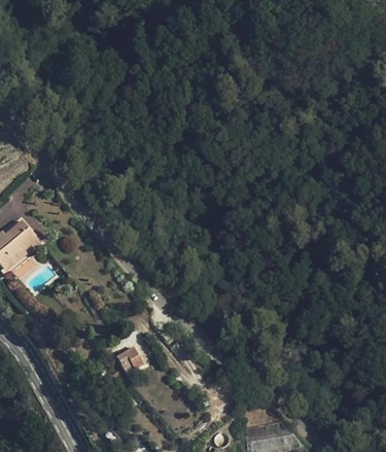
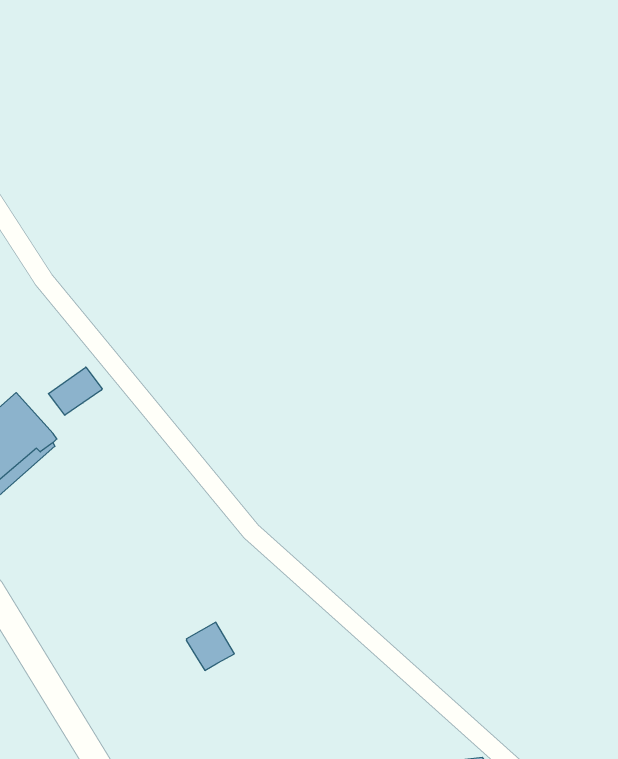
building: none -> [48,367,102,415]

